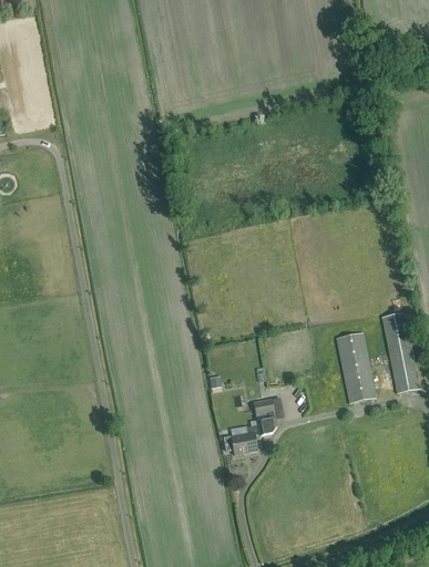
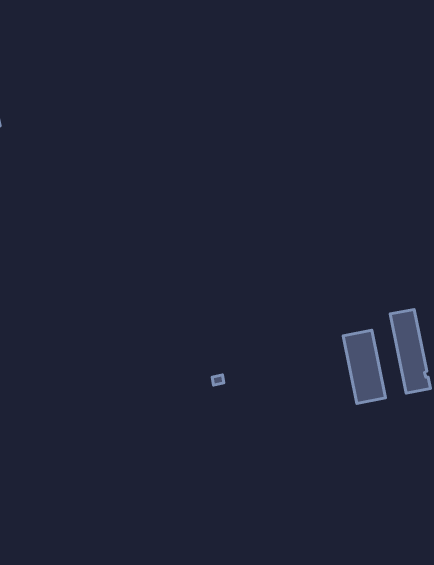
building: [231,398,278,454] -> none

